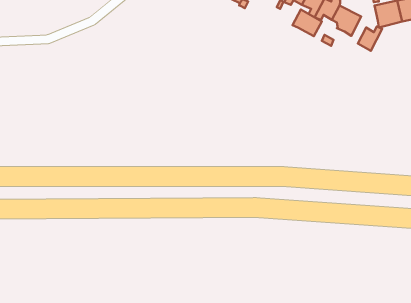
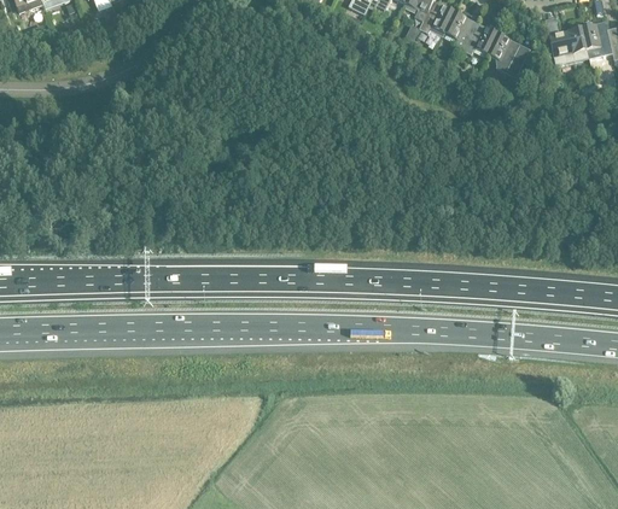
building: [293,10,322,36] -> none
building: [358,26,382,51] -> none

